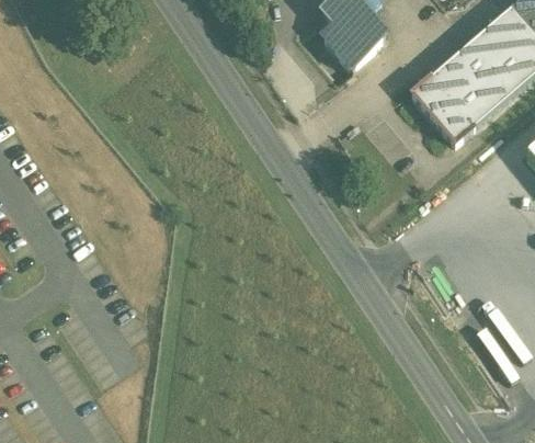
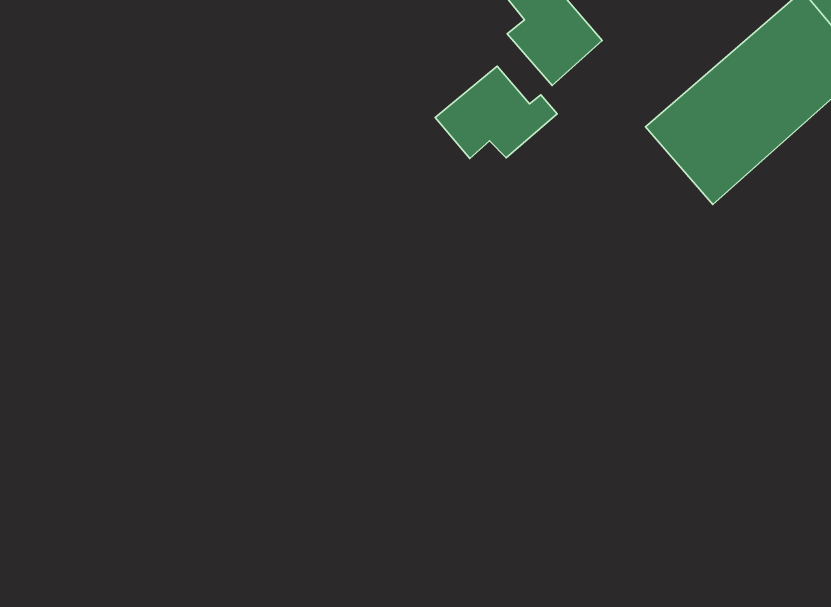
building: none -> [435,66,557,158]

